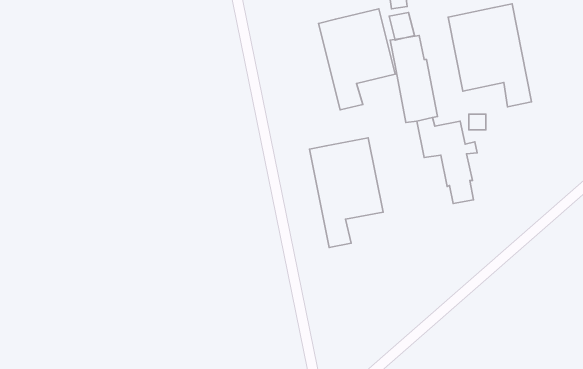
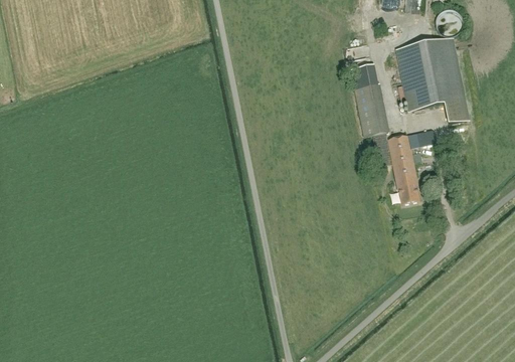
building: [319,9,395,110] -> none
building: [310,138,383,247] -> none

